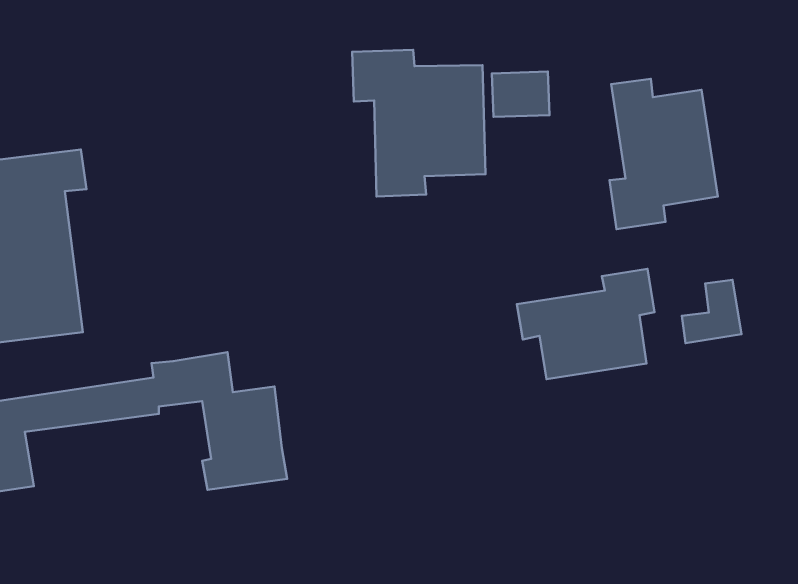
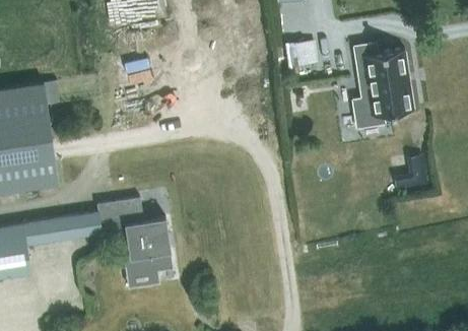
building: [352,50,485,197] -> none
building: [517,269,655,379] -> none

